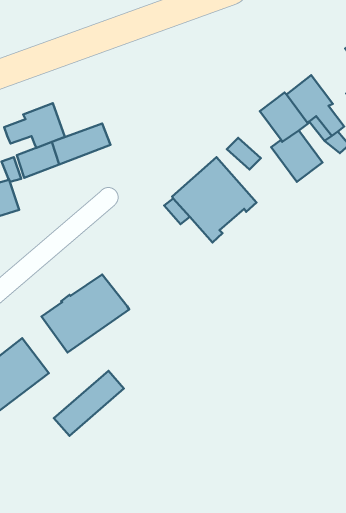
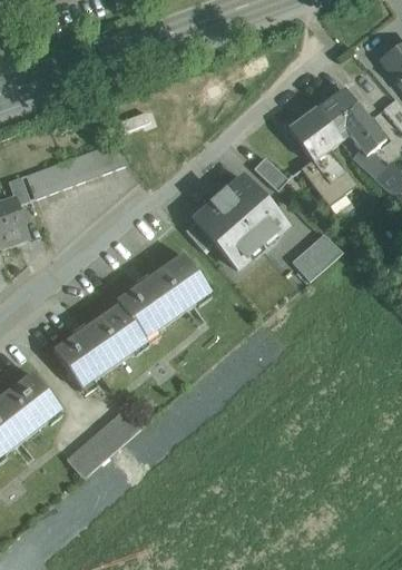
building: [4,103,65,148] -> none
building: none -> [292,233,343,281]
building: none -> [117,253,210,337]

